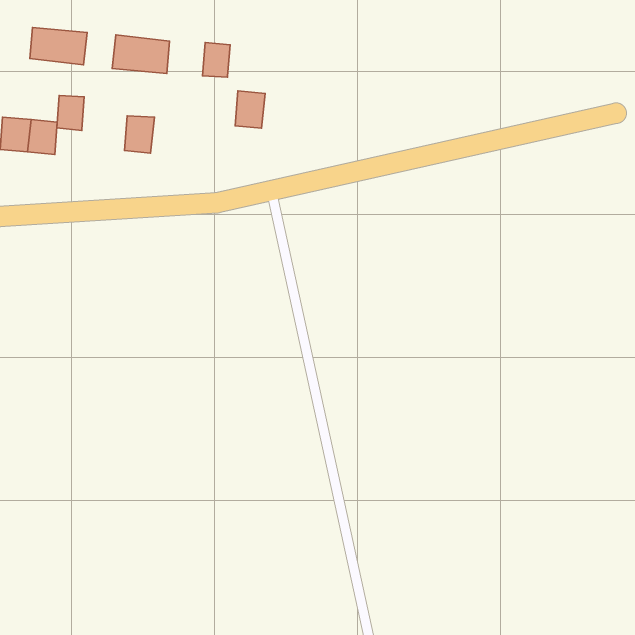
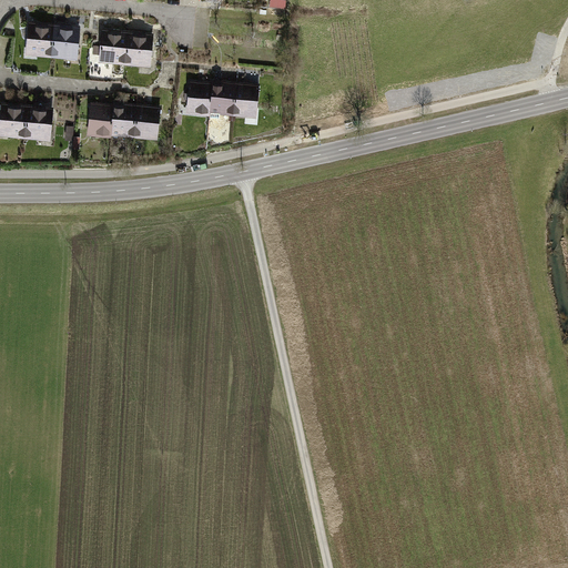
building: [203,42,230,77] -> [187,83,212,114]
building: none -> [233,84,258,118]
building: [57,96,84,130] -> [89,105,113,136]
building: none -> [134,105,159,140]

